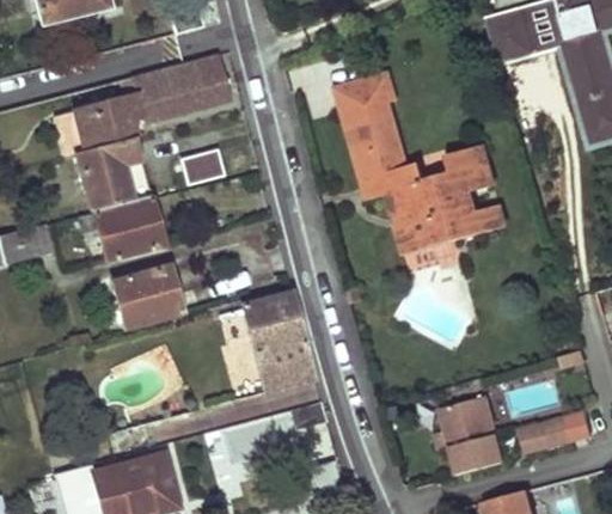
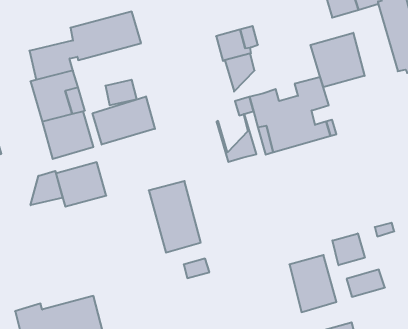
building: none -> [310,33,365,87]
building: [345,112,402,179] -> [216,114,256,162]
building: none -> [93,96,155,145]
building: none -> [31,171,63,205]
building: none -> [332,233,365,265]

